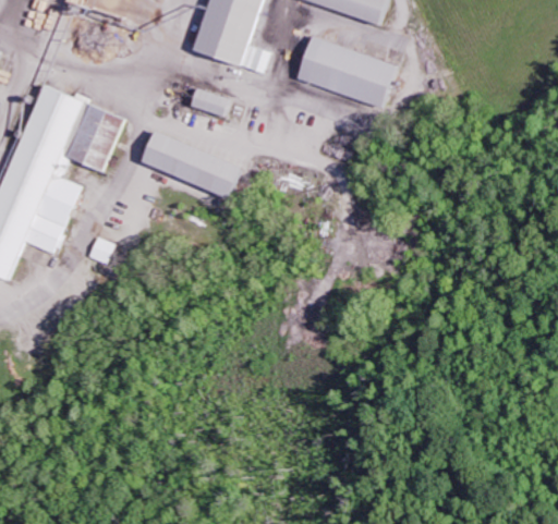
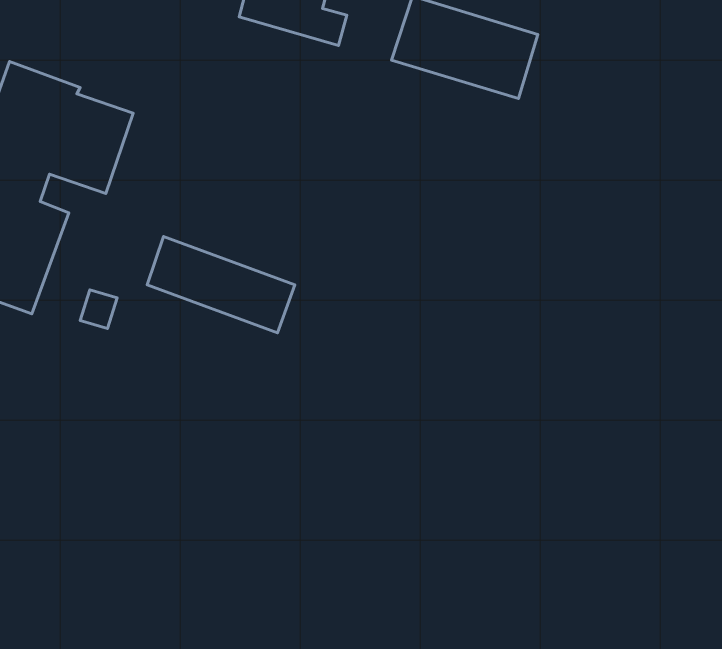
building: [190,88,228,115] -> none
building: [143,132,243,197] -> [147,237,295,333]

